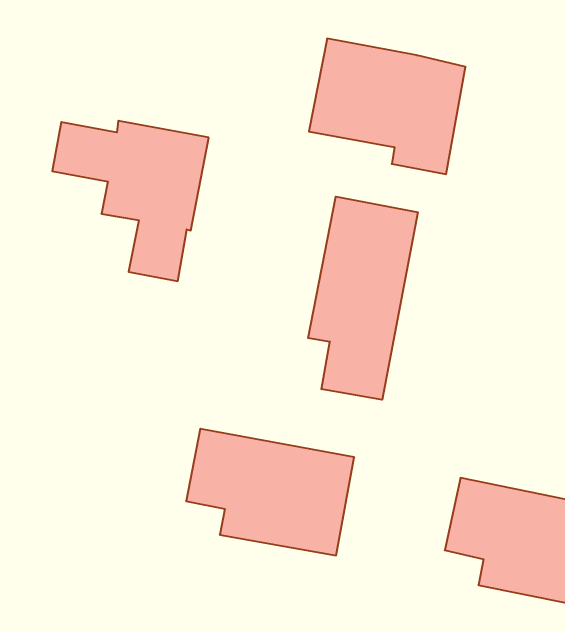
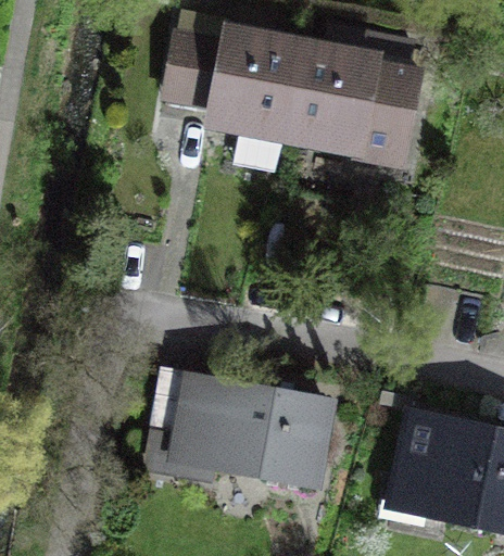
building: [52,121,209,281] -> [169,34,301,168]
building: [308,197,418,400] -> none

